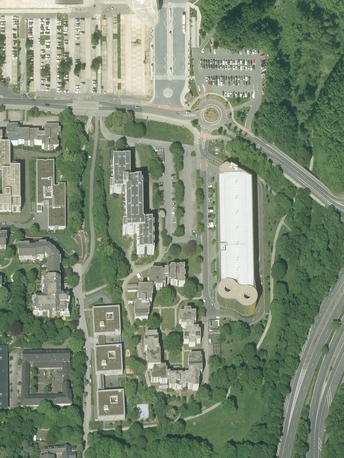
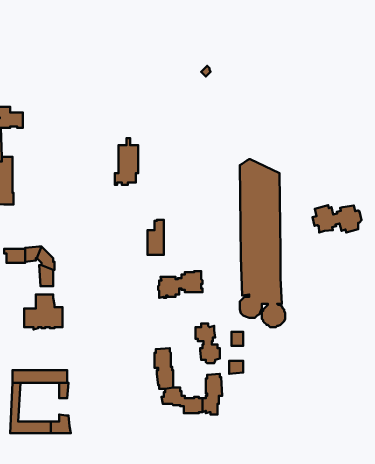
building: [31,122,63,144] -> none
building: [37,157,66,224] -> none
building: [122,178,146,230] -> none
building: none -> [313,205,362,232]
building: [134,285,152,317] -> none
building: [92,304,125,416] -> none

